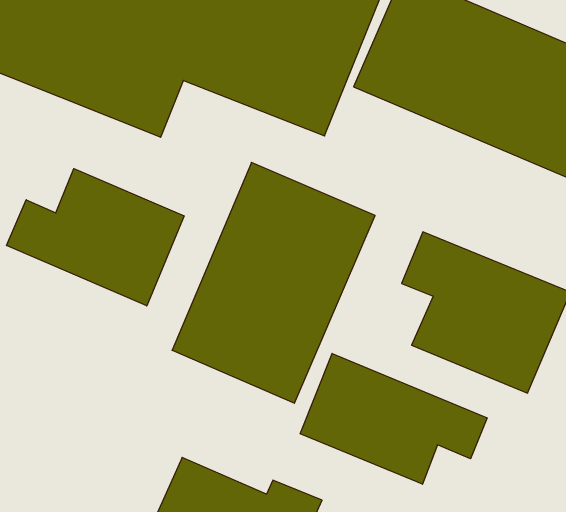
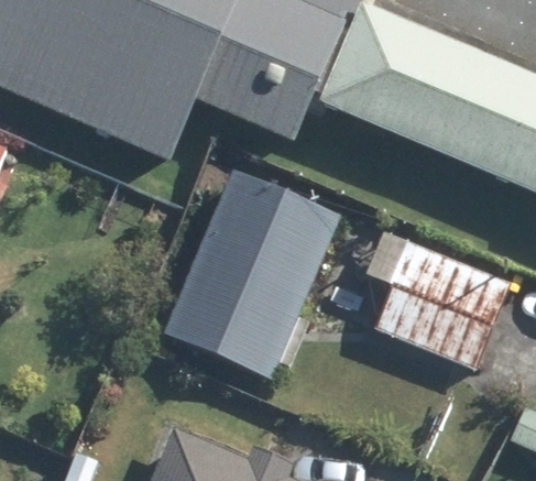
building: [7,169,184,306] -> none
building: [300,353,487,484] -> none

